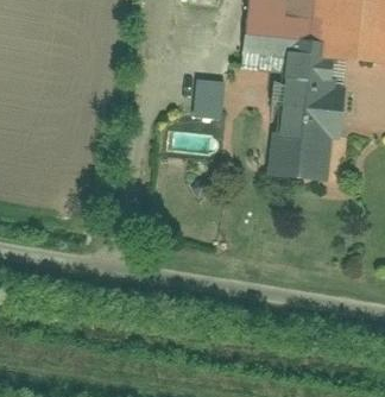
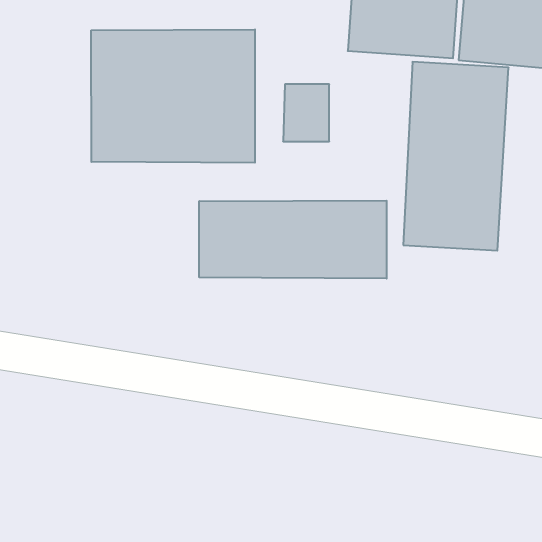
building: none -> [91,29,255,163]
building: none -> [199,201,387,279]

